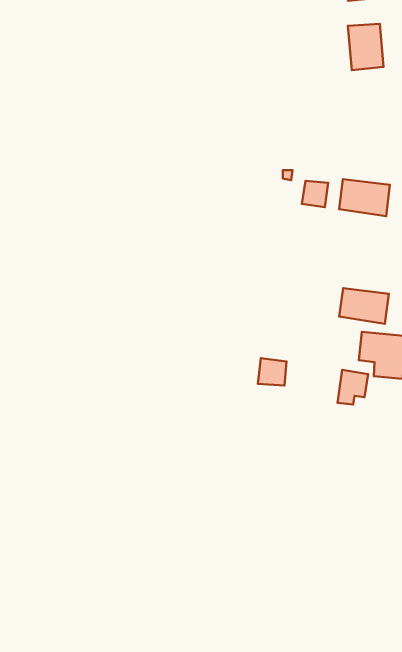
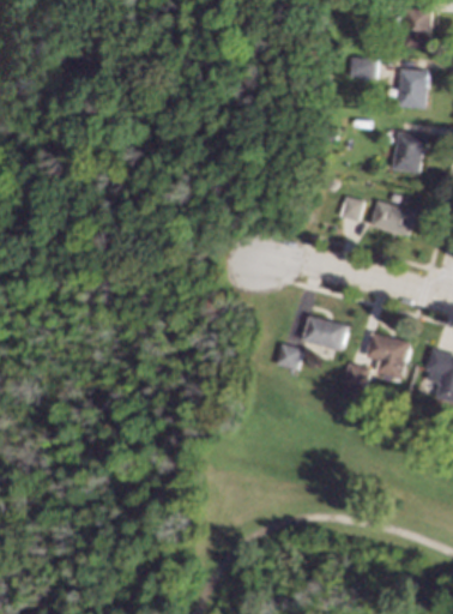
building: none -> [350,58,378,79]
building: none -> [393,133,427,174]
building: [339,288,389,324] -> [303,315,349,351]

